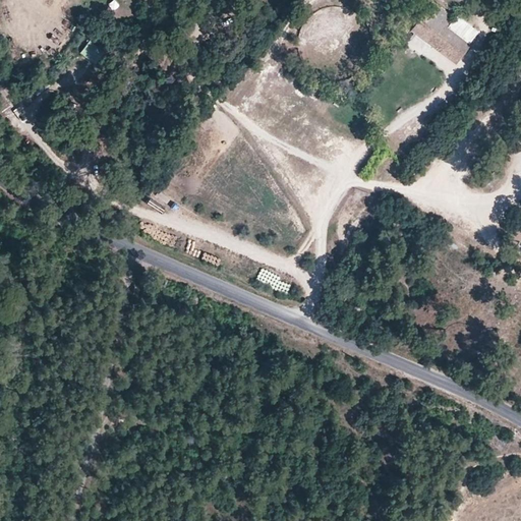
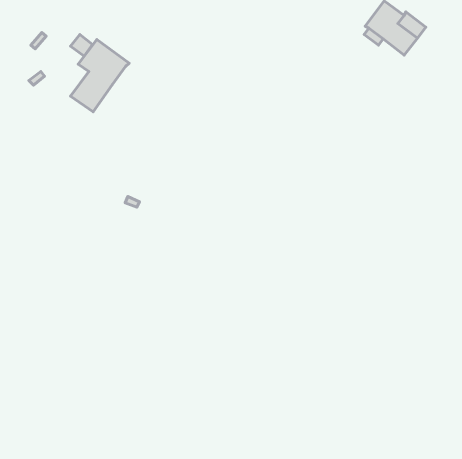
building: none -> [71,40,129,112]

